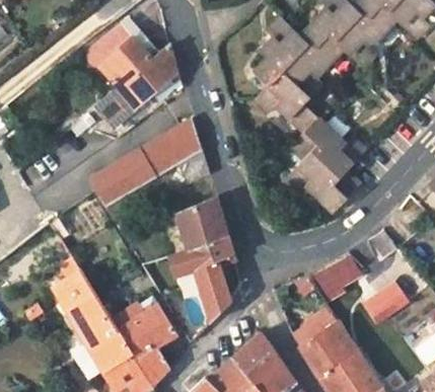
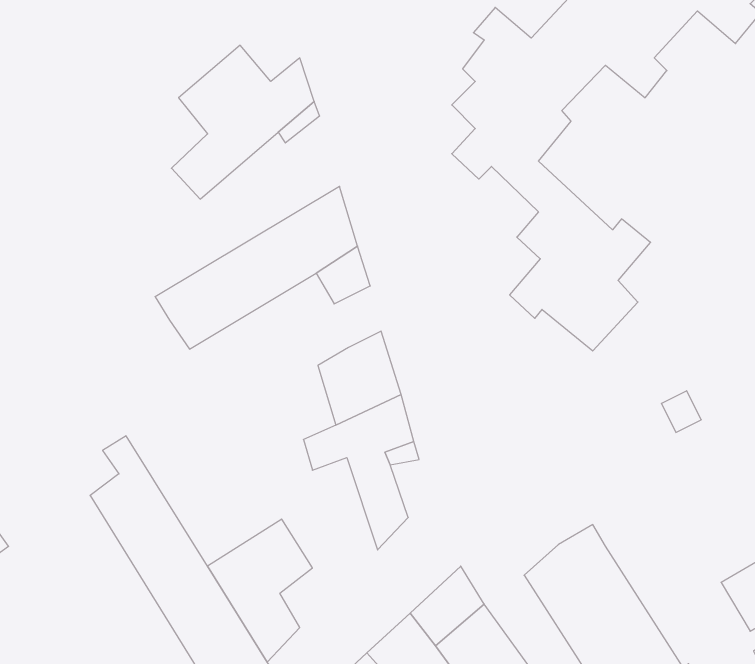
building: [85,21,135,72] -> none
building: [309,250,363,300] -> none
building: [360,280,410,325] -> none

